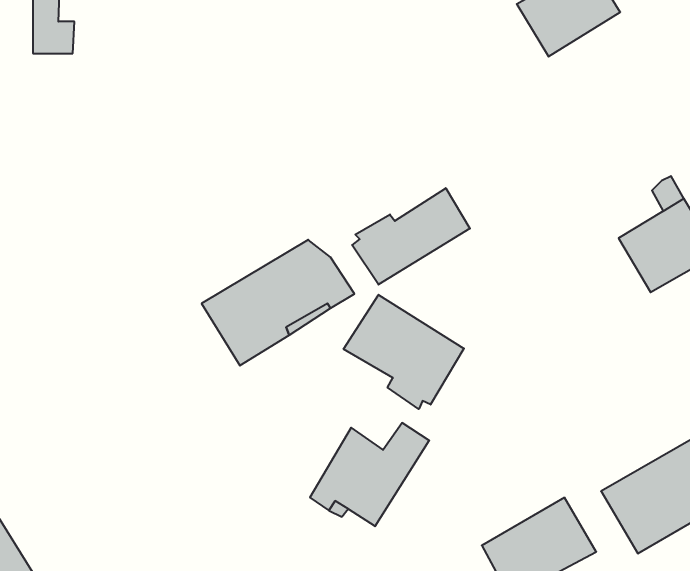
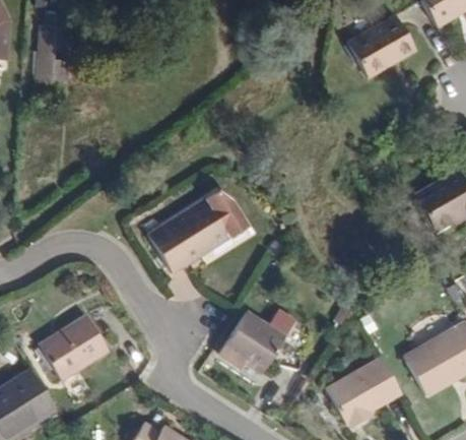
building: [352,188,470,285] -> none
building: [344,295,464,409] -> none
building: none -> [42,312,111,379]

